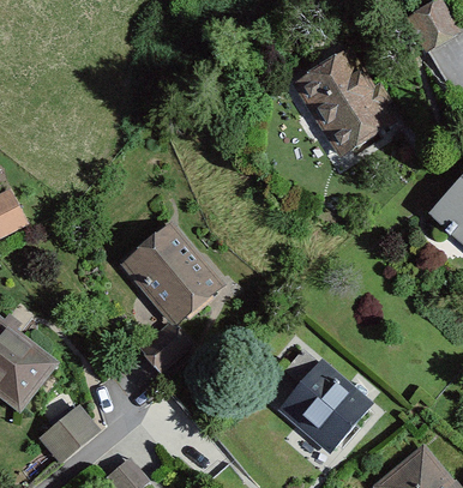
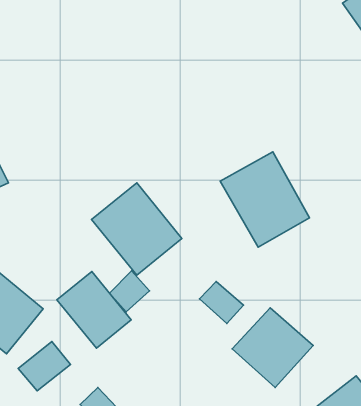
building: [295,49,397,158] -> [220,152,310,247]
building: none -> [57,271,131,348]
building: none -> [200,281,244,324]

